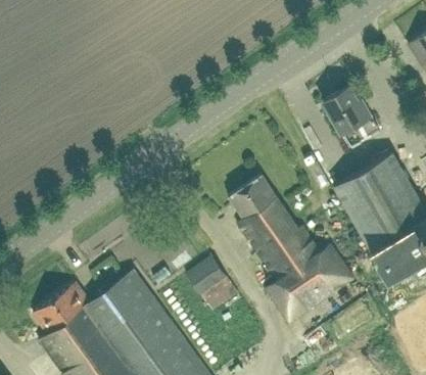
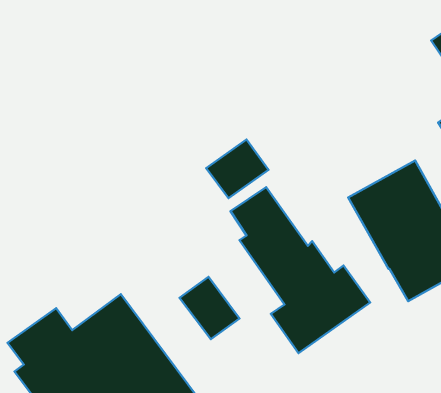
building: [324,86,381,147] -> none
building: none -> [206,140,269,198]

